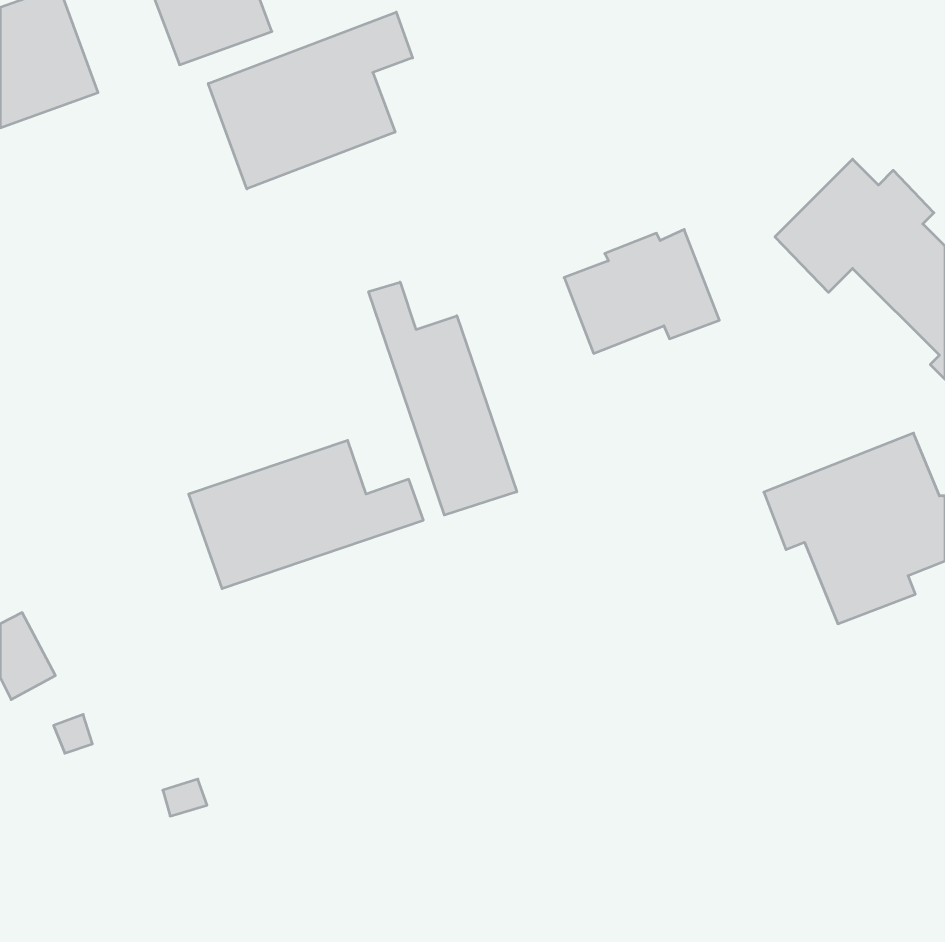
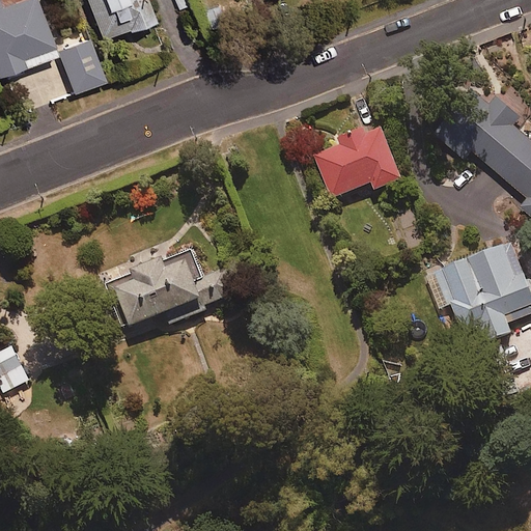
building: [208,12,413,189] -> none
building: none -> [58,35,104,89]
building: [369,282,517,515] -> none

